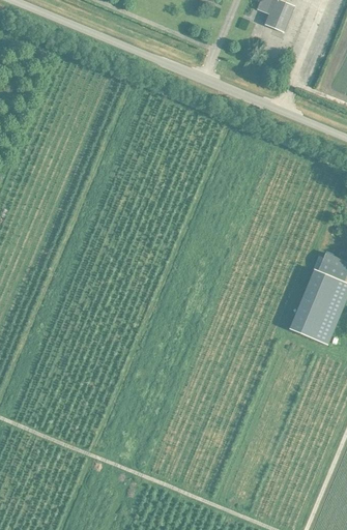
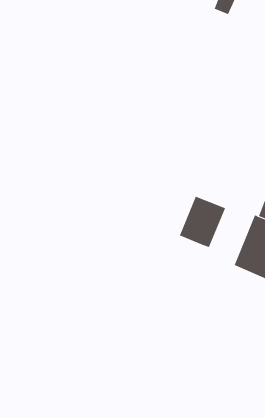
building: none -> [179,196,226,248]

